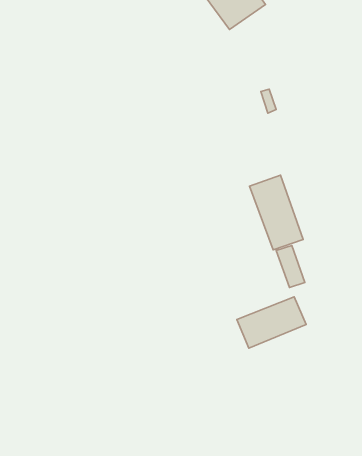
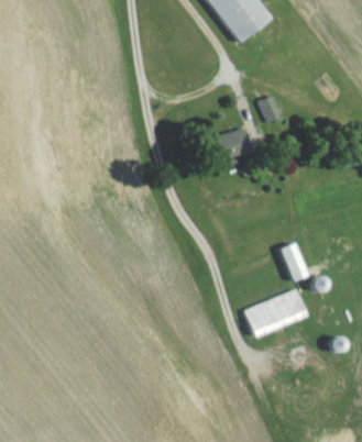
building: none -> [209,130,251,162]
building: [249,175,303,250] -> none

